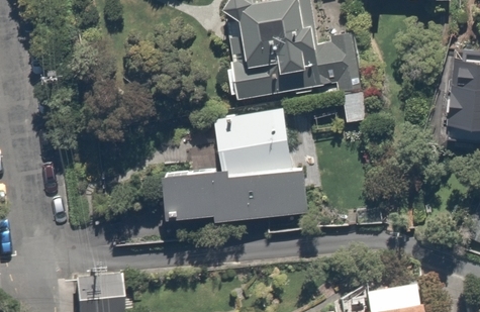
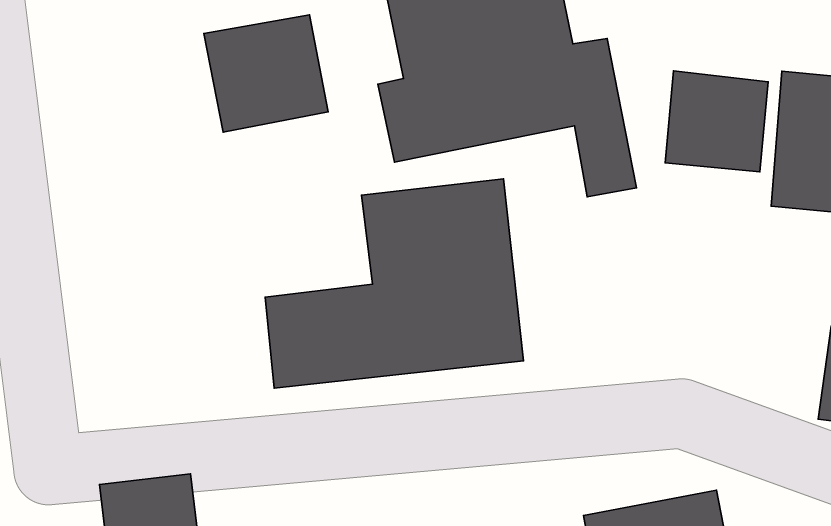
building: none -> [204,15,328,132]
building: none -> [665,71,768,172]

